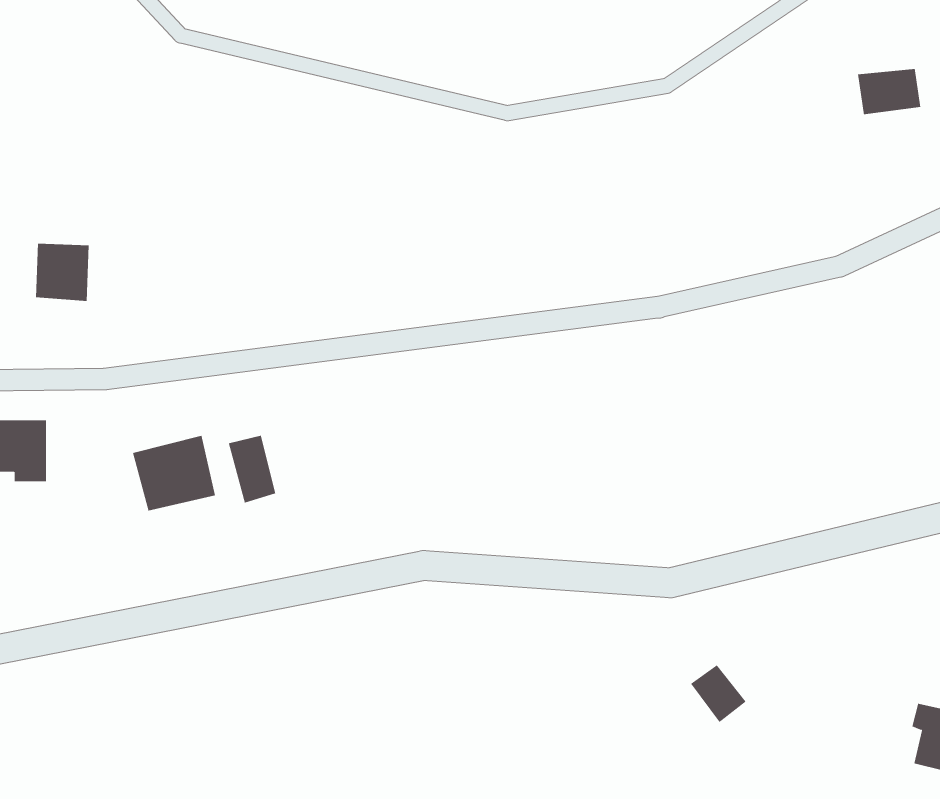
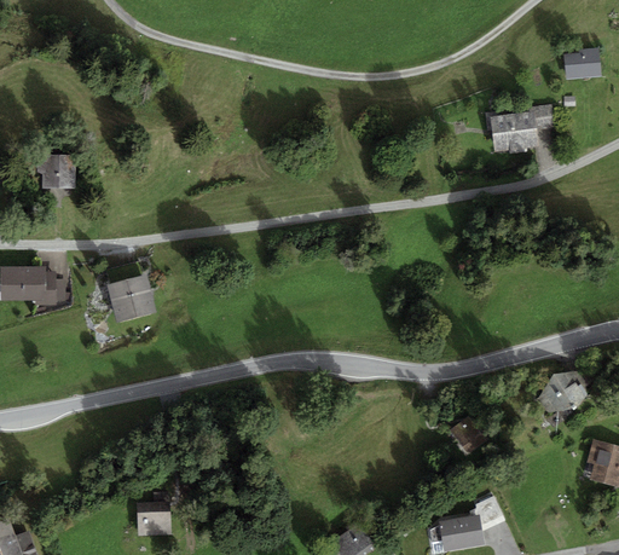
building: none -> [486,100,548,149]
building: [228,435,276,504] -> none
building: none -> [537,375,595,412]

